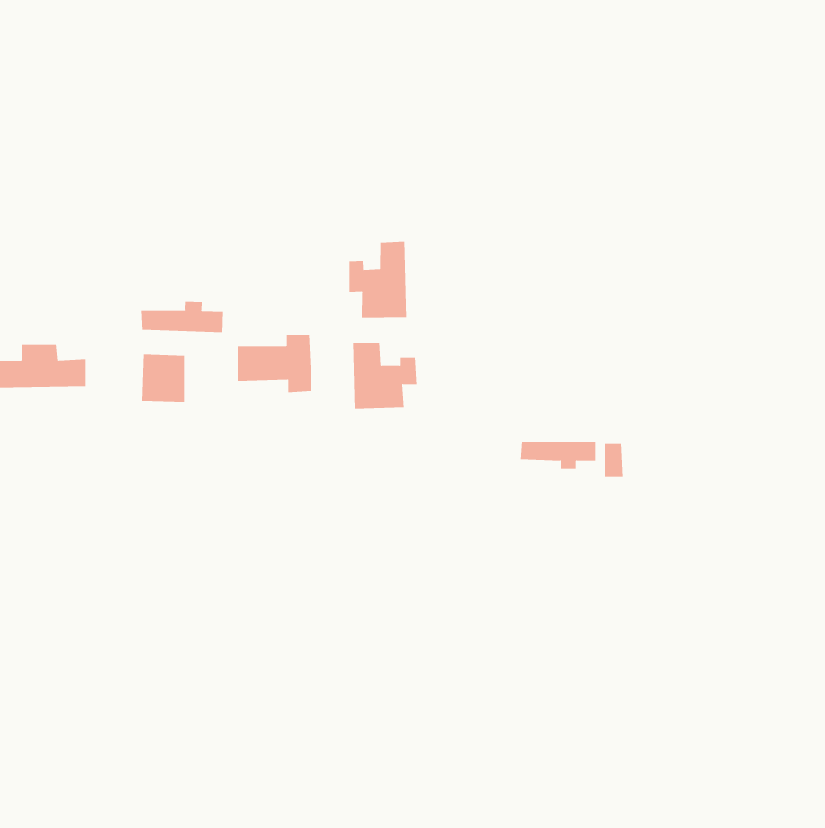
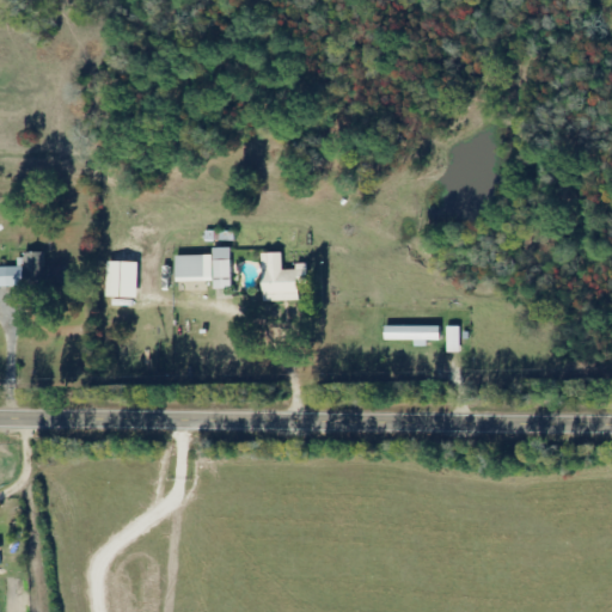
building: [349,241,407,319] -> none
building: [141,301,223,333] -> none

